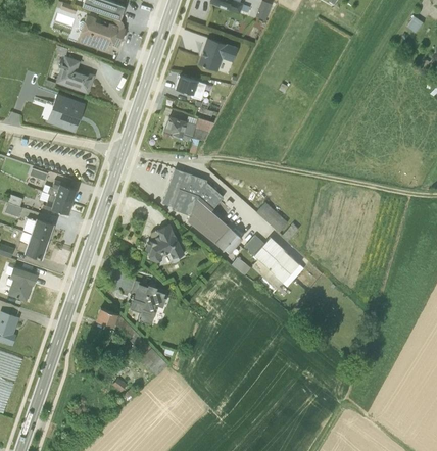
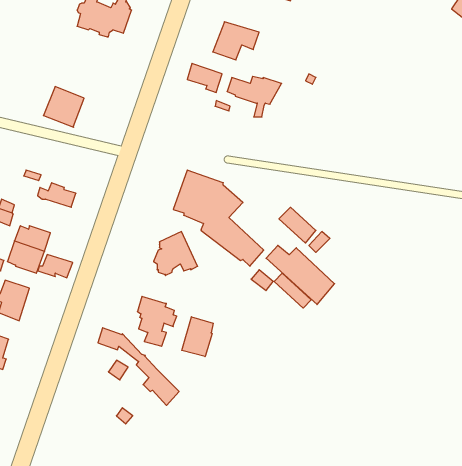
building: [55,45,94,92] -> none
building: [165,116,213,152] -> [227,76,282,117]
building: [42,194,72,214] -> [38,255,73,278]
building: none -> [182,317,213,357]

